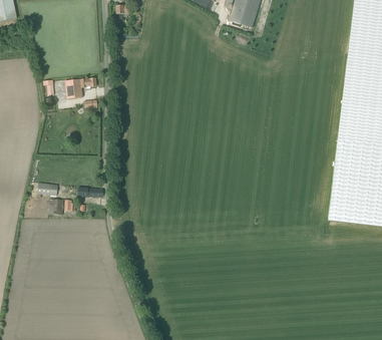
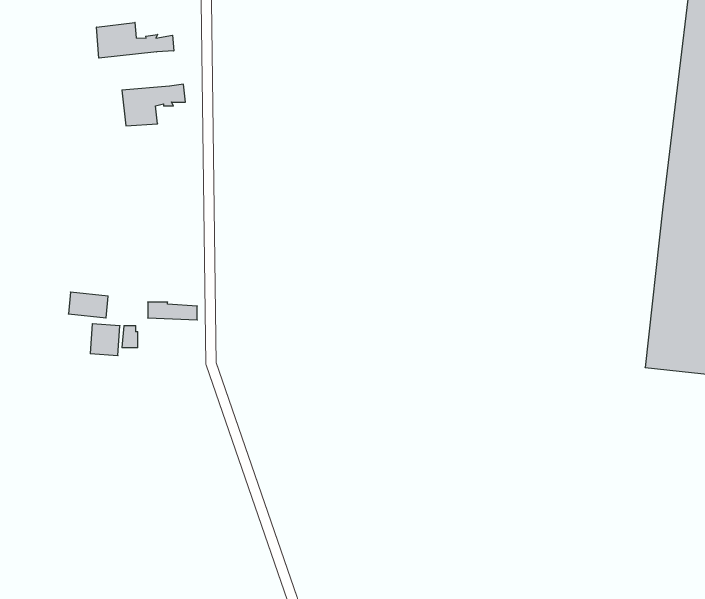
building: none -> [97,22,174,58]

